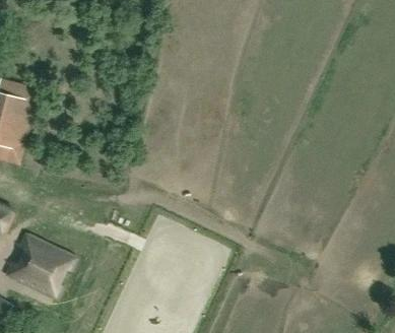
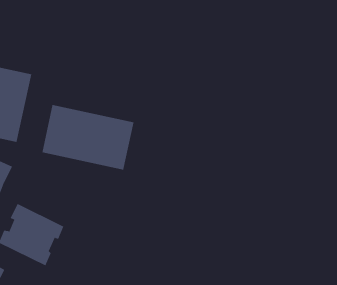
building: none -> [42,104,134,170]

